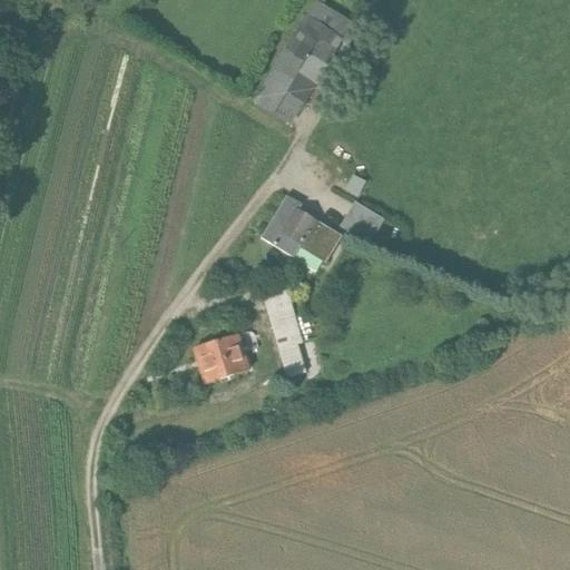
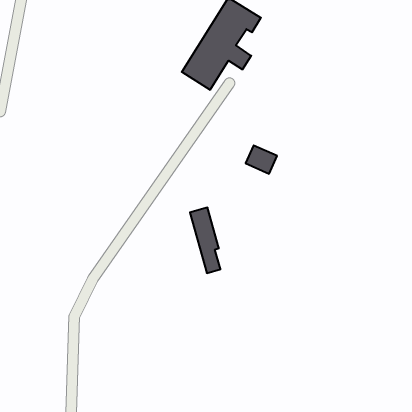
building: [262,195,342,258] -> none
building: [193,331,257,384] -> none

